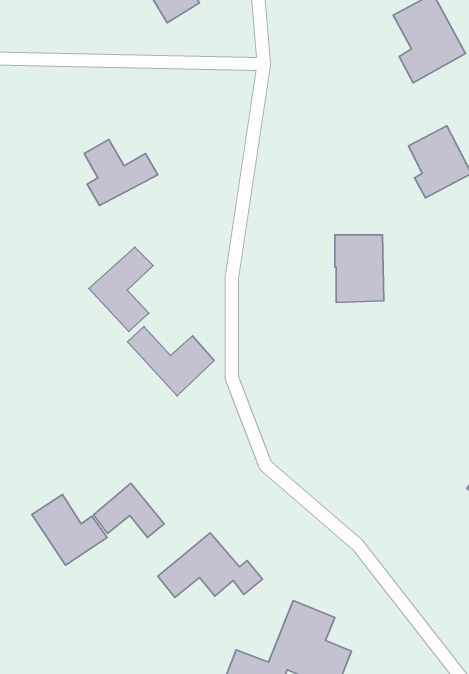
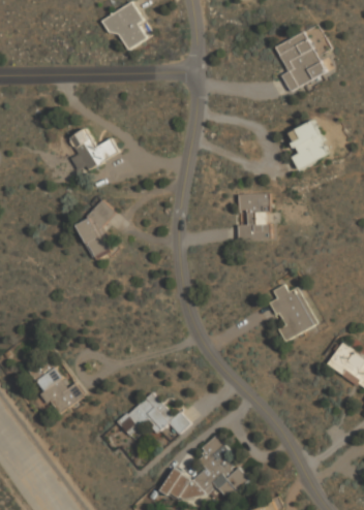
building: [127,326,214,396] -> none
building: none -> [270,284,316,340]
building: [93,483,164,538] -> none

